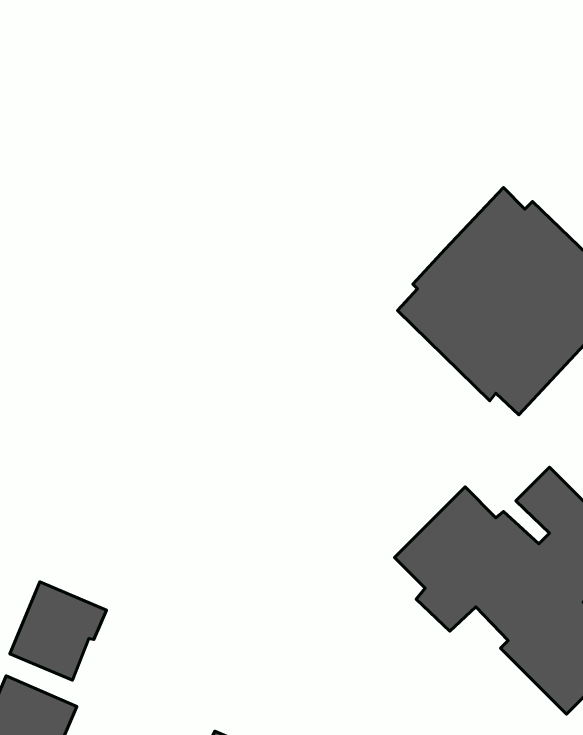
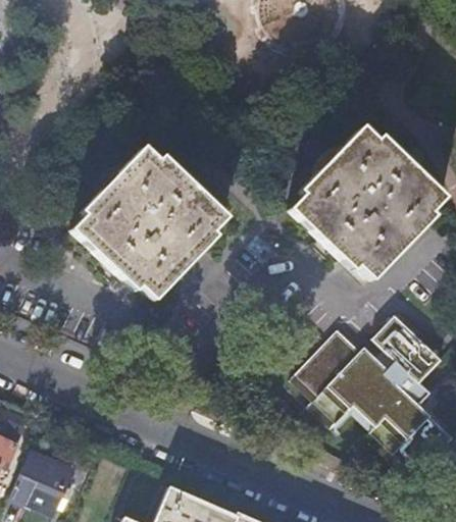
building: none -> [75,148,226,299]
building: [10,582,107,680] -> none

